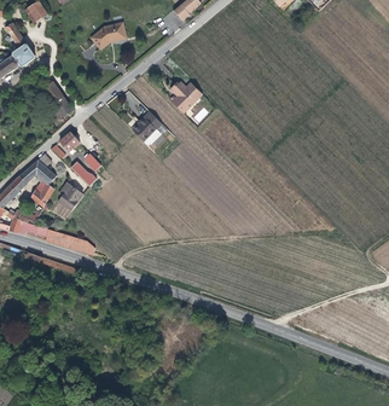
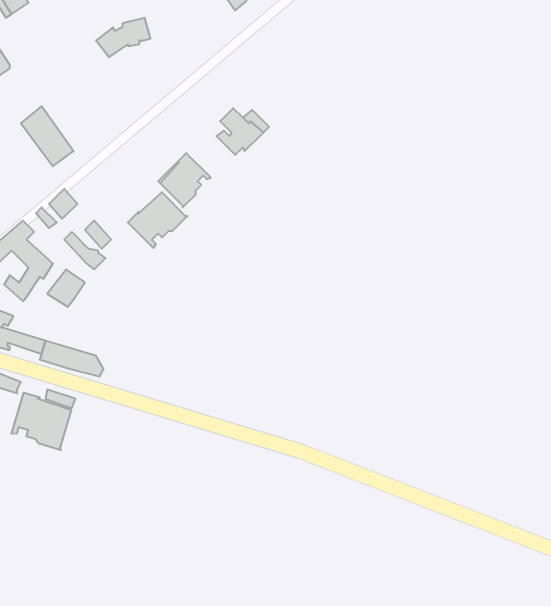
building: none -> [128,192,188,248]
building: none -> [11,393,71,450]

